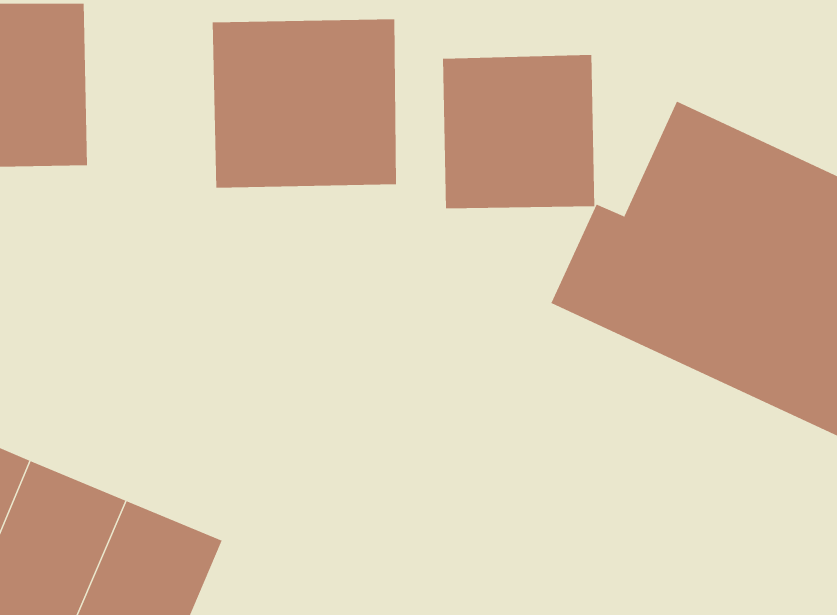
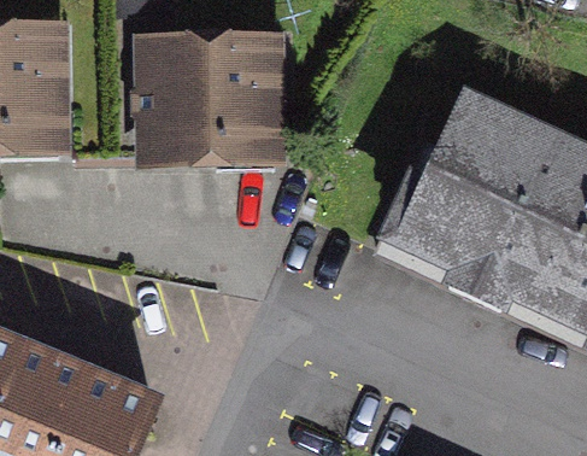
building: [443,54,595,209] -> none

